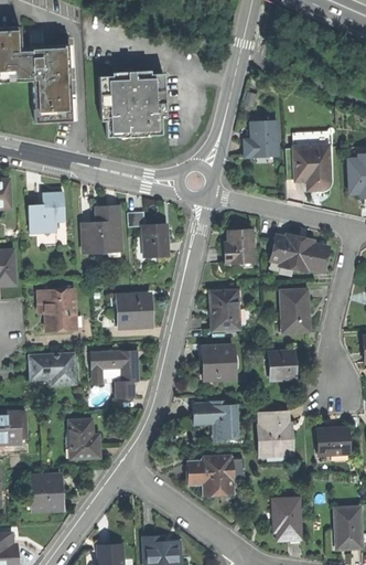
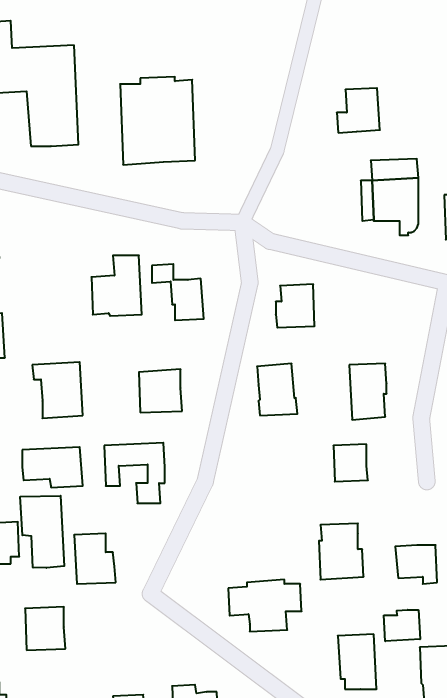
building: [244,121,277,156] -> [337,88,380,133]
building: [28,193,64,234] -> none
building: [268,234,327,273] -> none
building: [201,345,234,380] -> none
building: none -> [20,496,64,568]
building: [192,399,235,438] -> none
building: none -> [384,610,420,641]

